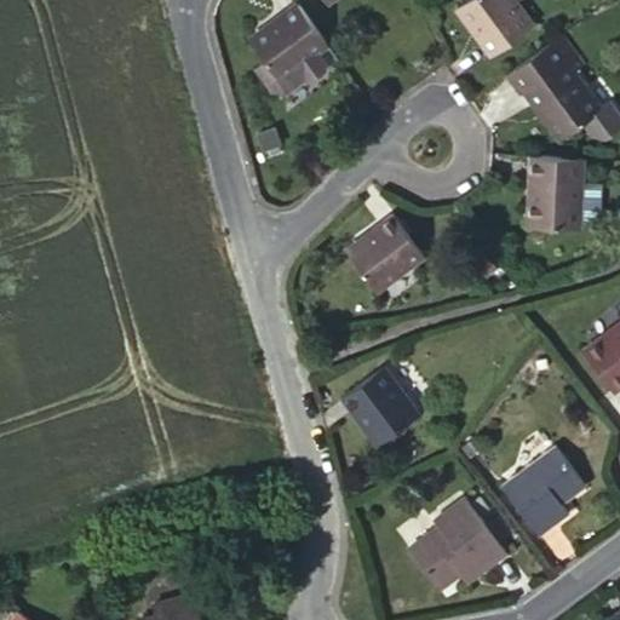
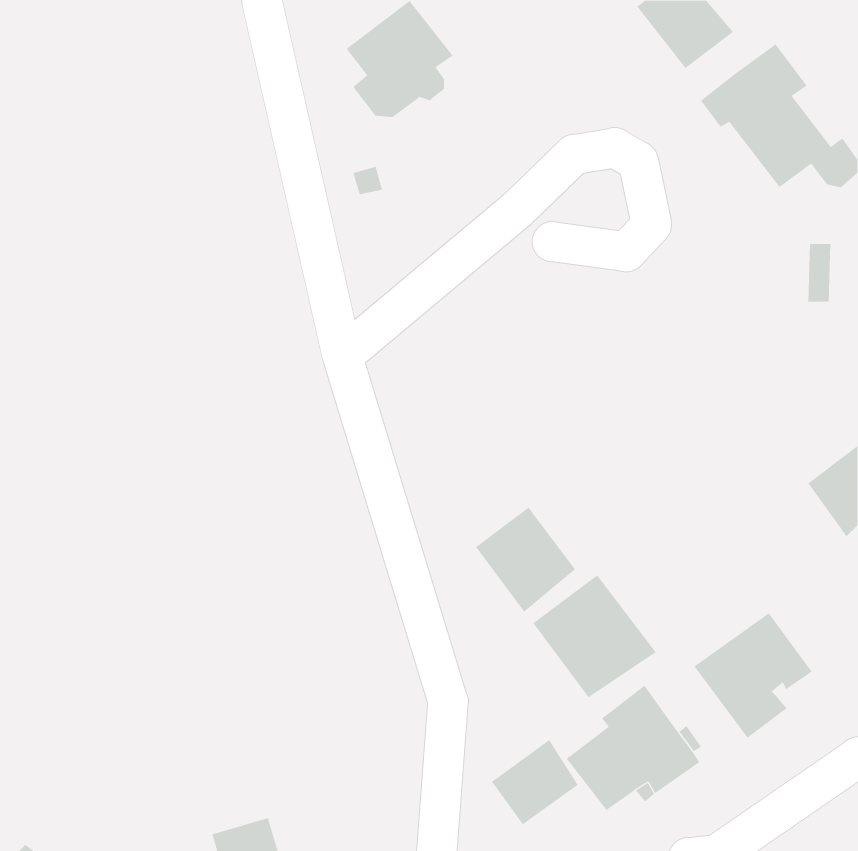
building: [528,159,582,230] -> none
building: [346,218,421,292] -> none
building: none -> [533,574,656,698]
building: none -> [491,739,578,825]

